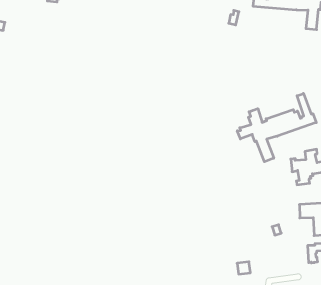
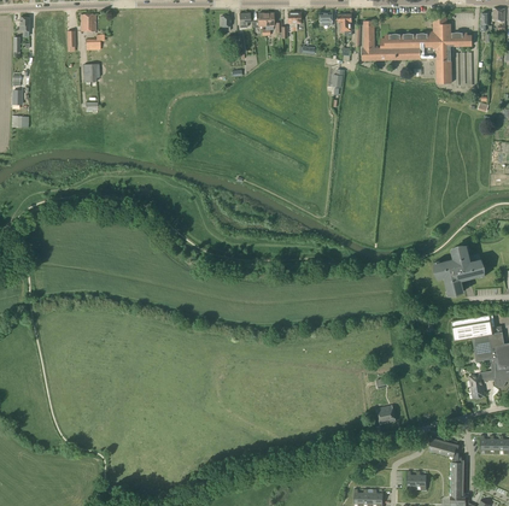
building: [237,93,316,162] -> none

